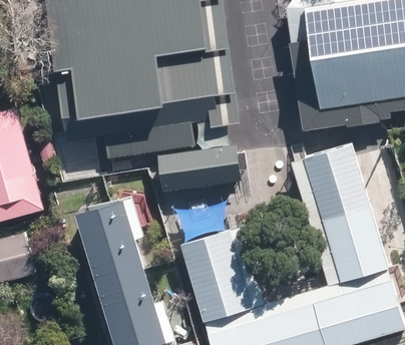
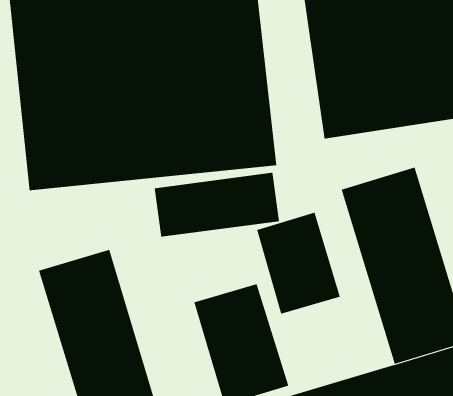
building: none -> [257,212,341,315]

